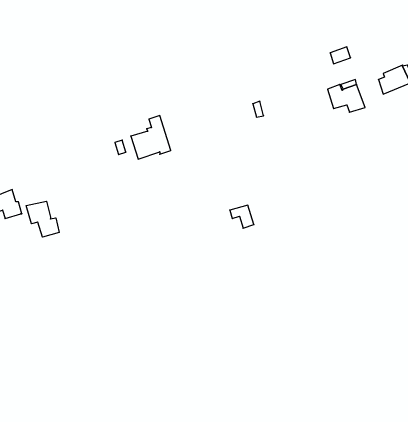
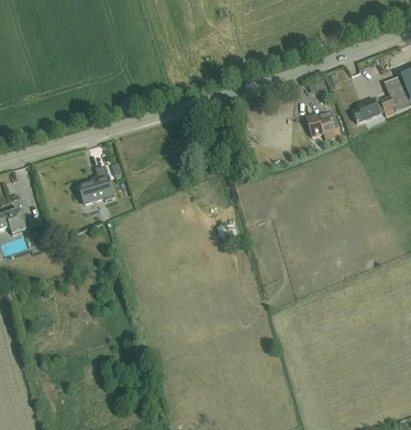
building: [131,116,171,159] -> [78,167,114,206]
building: [26,201,59,237] -> none

